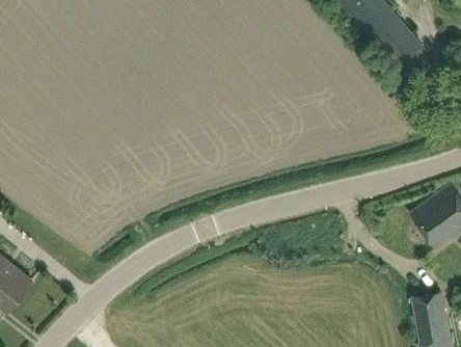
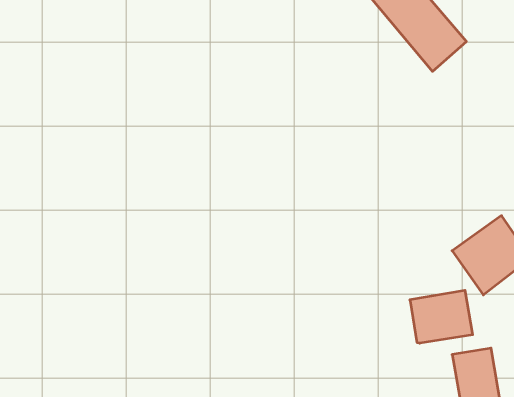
building: none -> [410,290,473,343]

